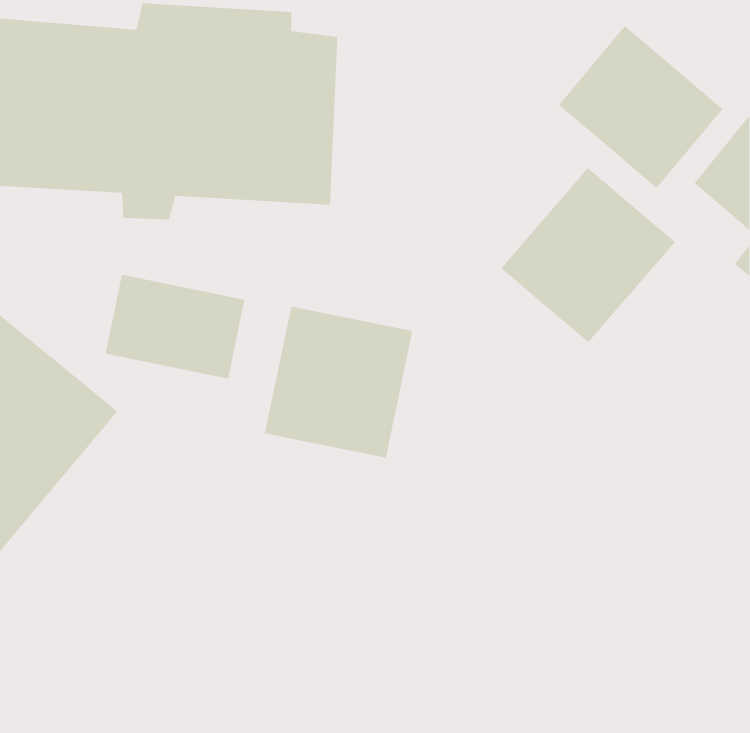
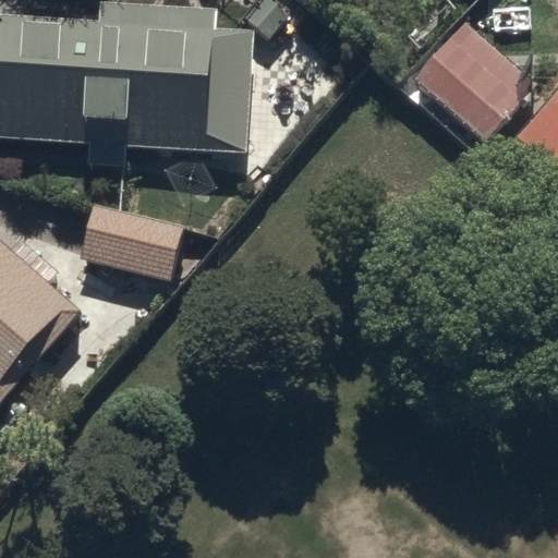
building: [500,167,676,343] -> none
building: [264,306,413,458] -> none

